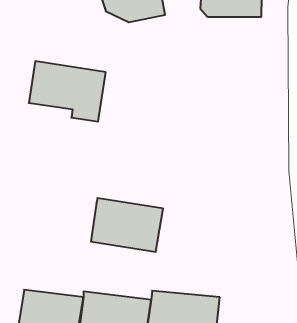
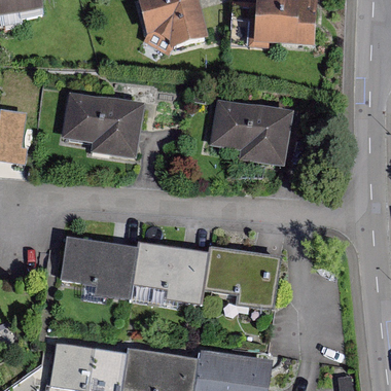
building: none -> [209,104,285,165]
building: none -> [55,238,134,300]
building: none -> [202,245,279,303]

